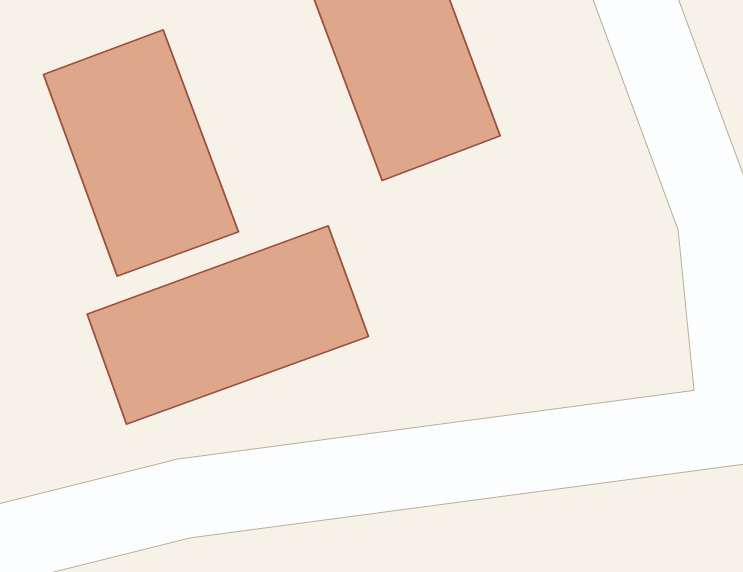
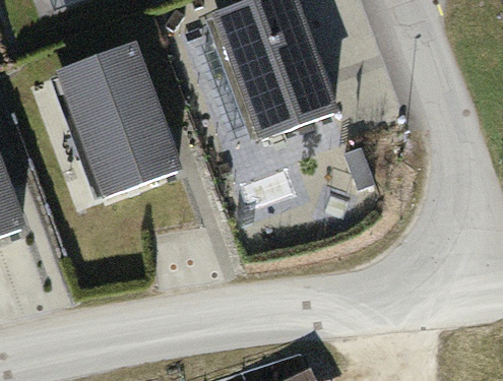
building: [87,226,369,424] -> none

